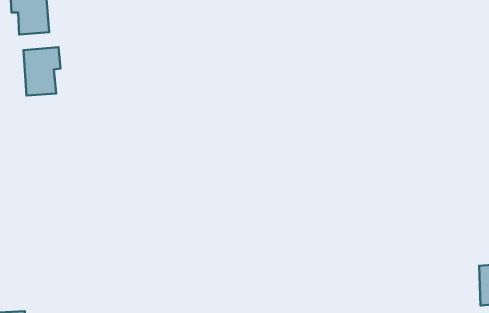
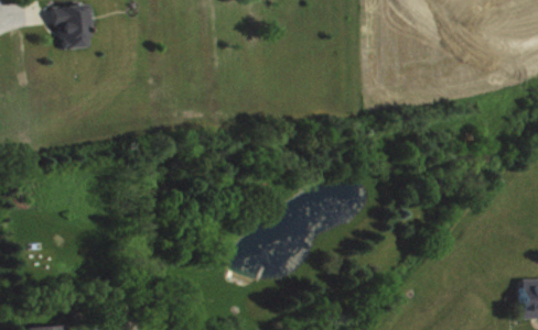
building: [23,47,60,96] -> none

